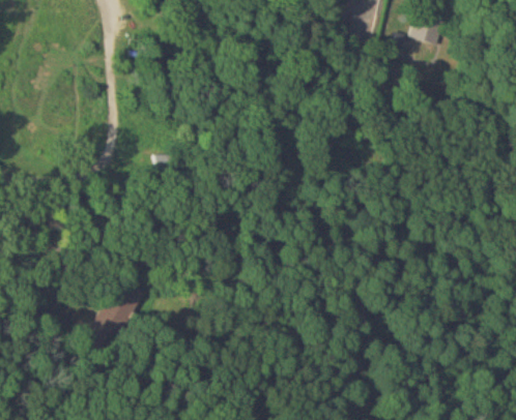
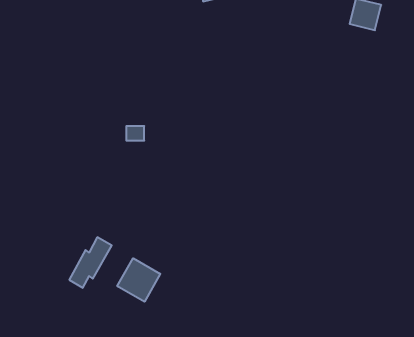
building: none -> [117,258,160,302]

